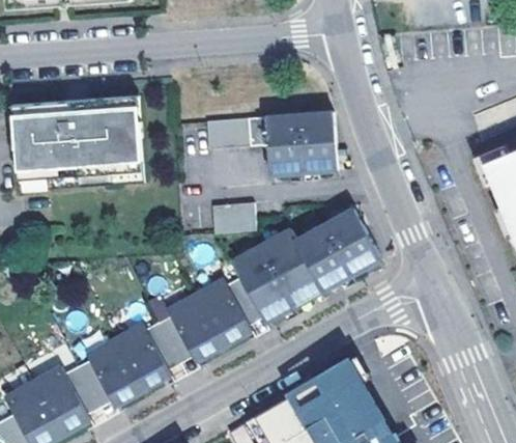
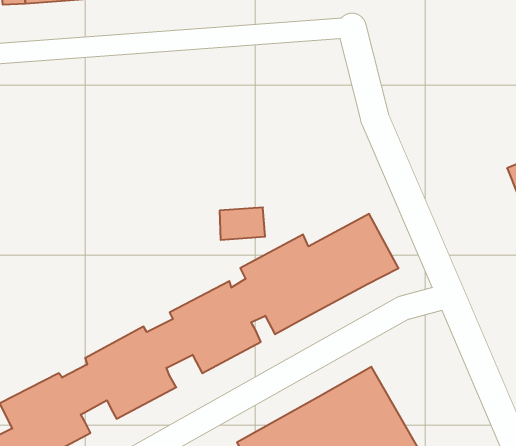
building: [11,100,142,195] -> none
building: [205,113,336,176] -> none

